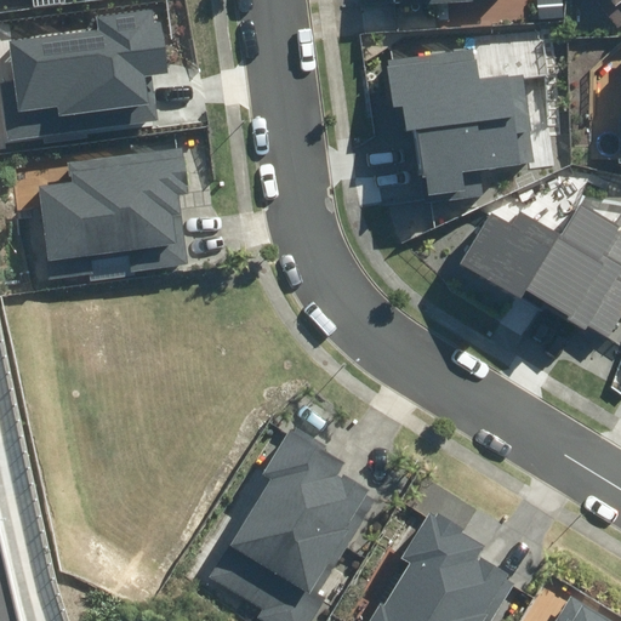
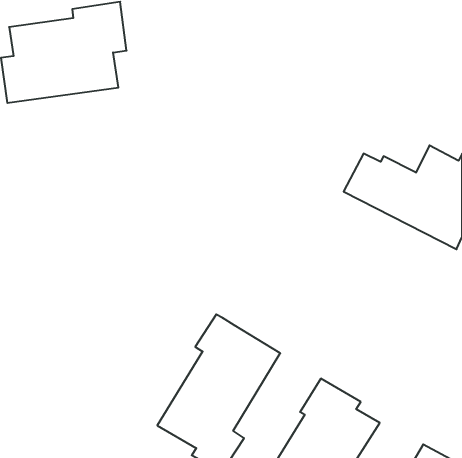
building: [380,50,537,206] -> none
building: [40,146,189,284] -> none

